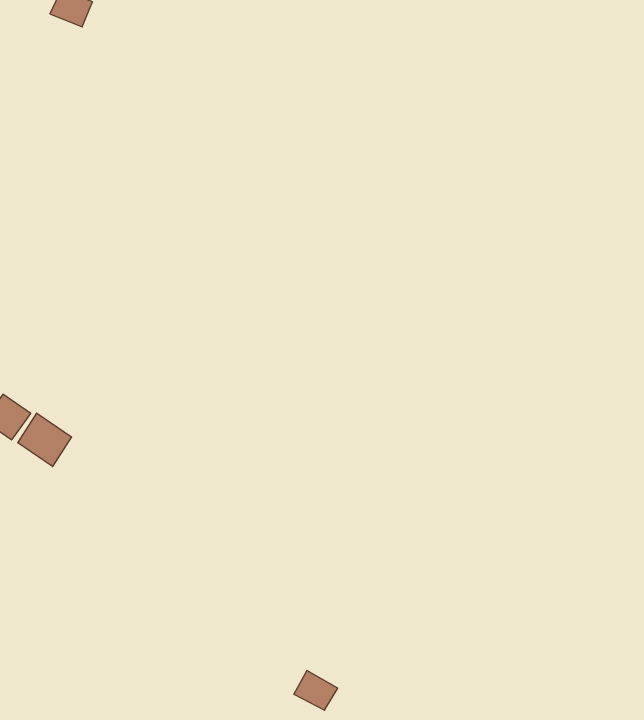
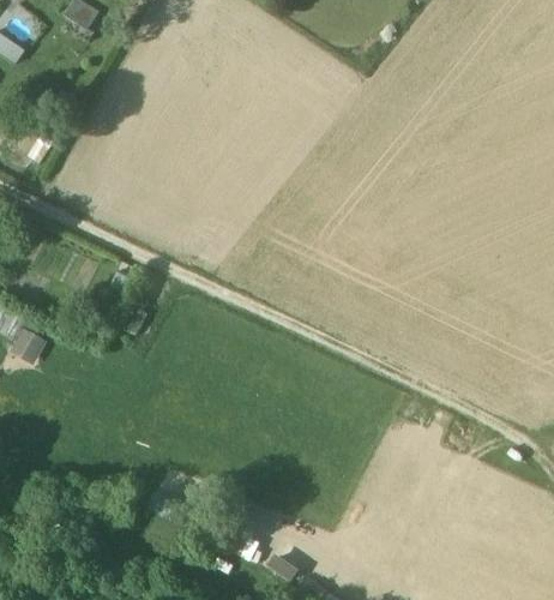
building: [18,413,72,467] -> none

